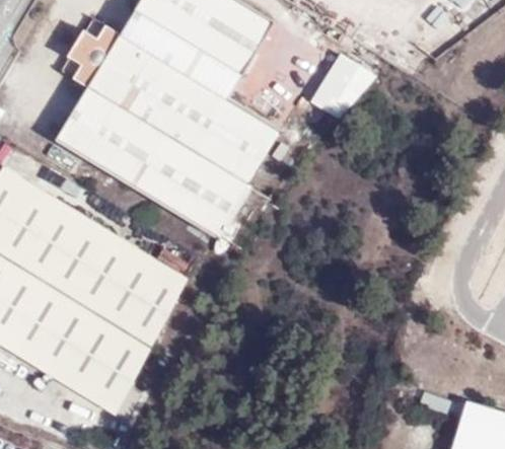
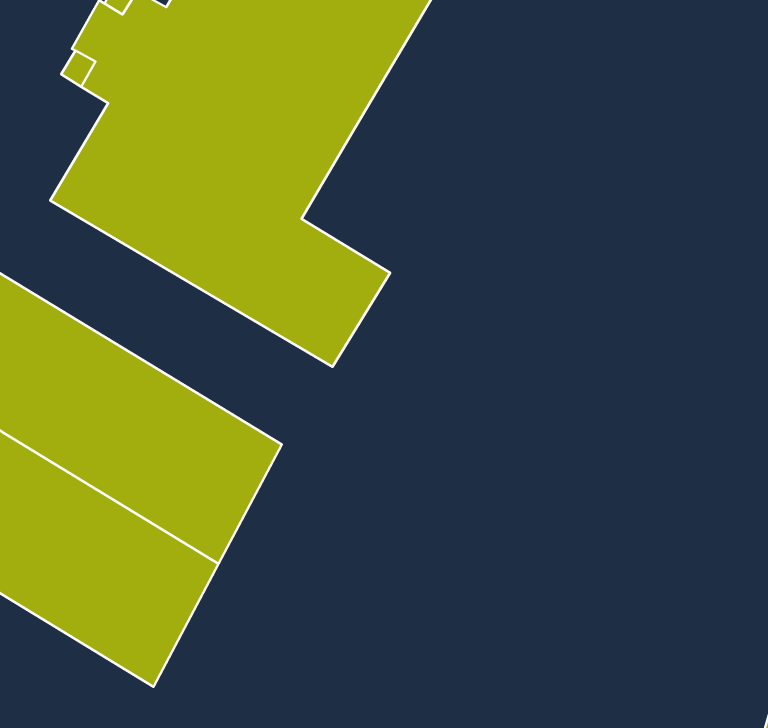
building: [309,56,371,118] -> none
building: [198,100,279,182] -> none

